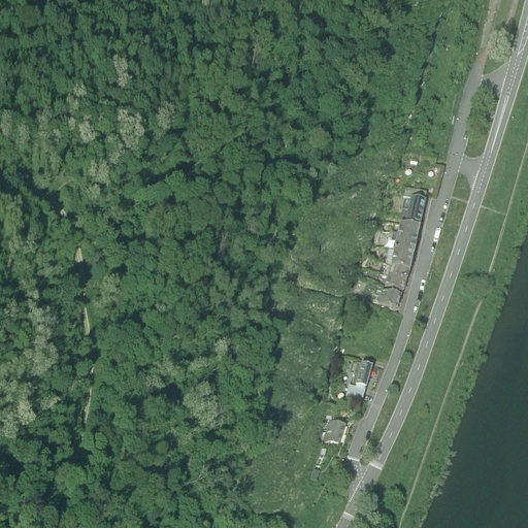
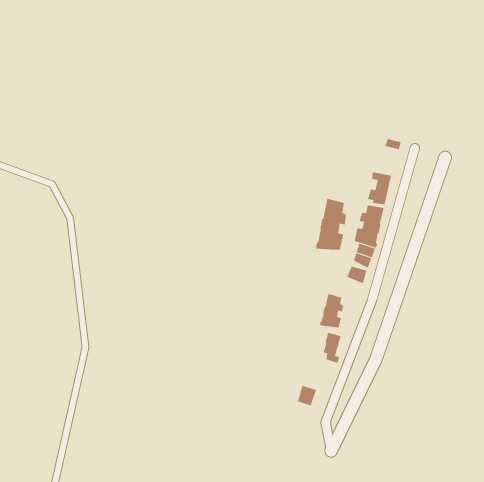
building: none -> [316,198,346,251]
building: none -> [320,293,343,328]

